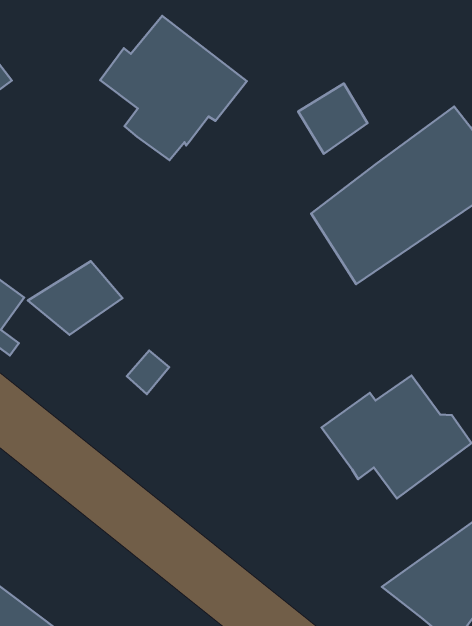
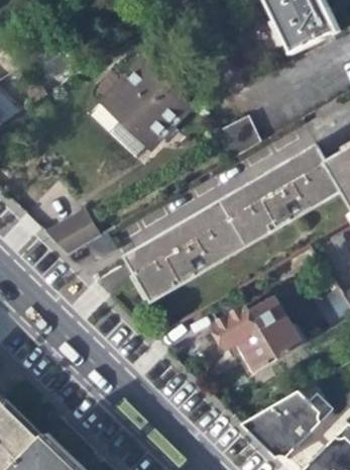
building: none -> [124,195,246,293]

